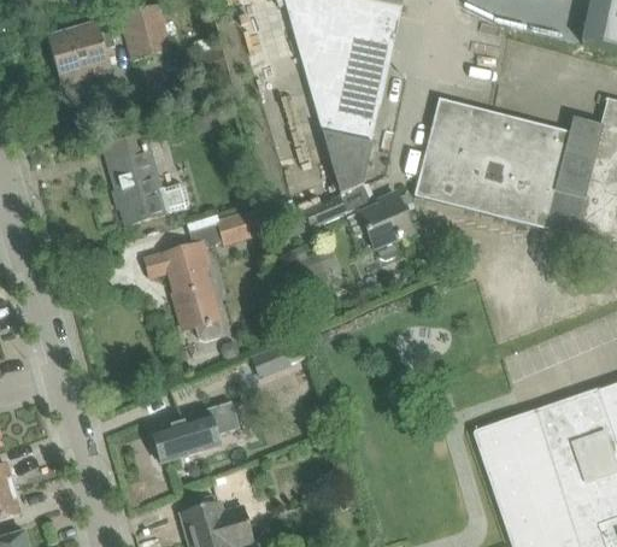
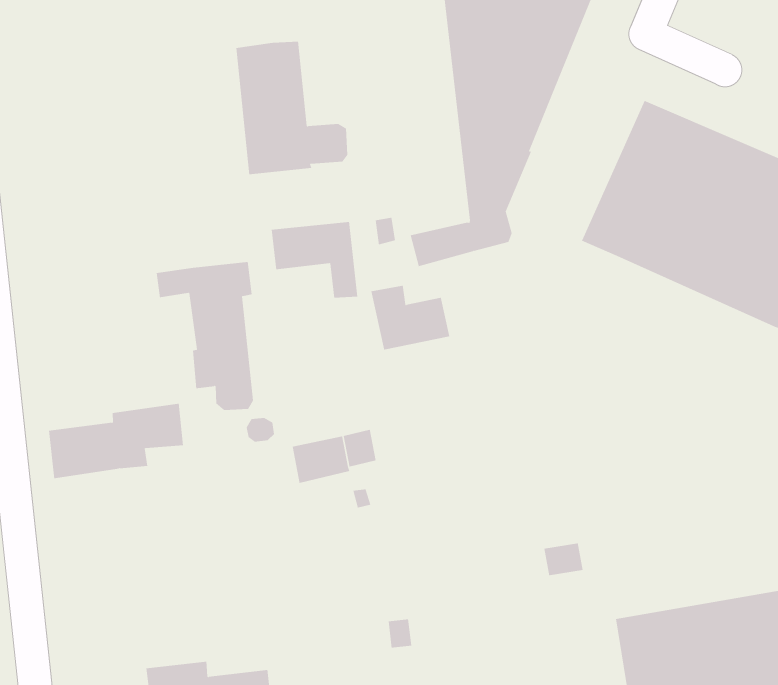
building: [105,134,188,224] -> [235,41,348,175]
building: [347,195,413,258] -> none
building: [152,401,240,463] -> [48,403,184,479]

